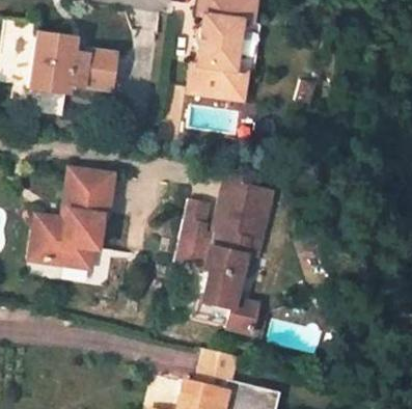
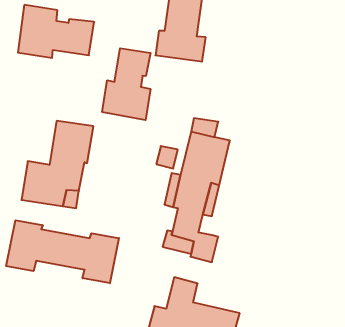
building: none -> [102,48,151,120]
building: [175,217,207,264] -> none
building: none -> [6,220,119,283]

